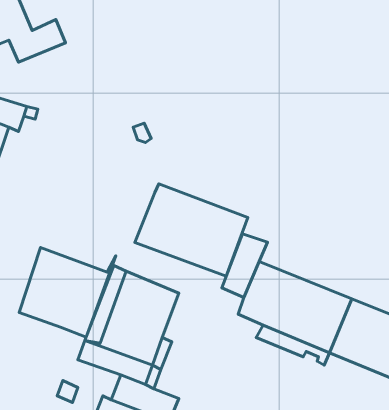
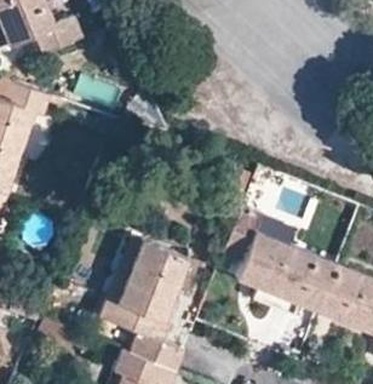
building: [135,184,248,276] -> none
building: [19,247,116,337] -> none

